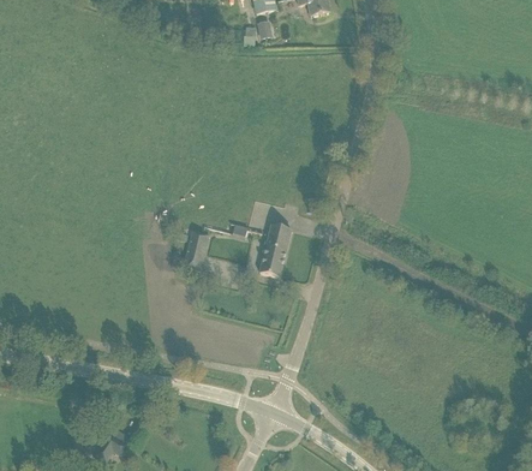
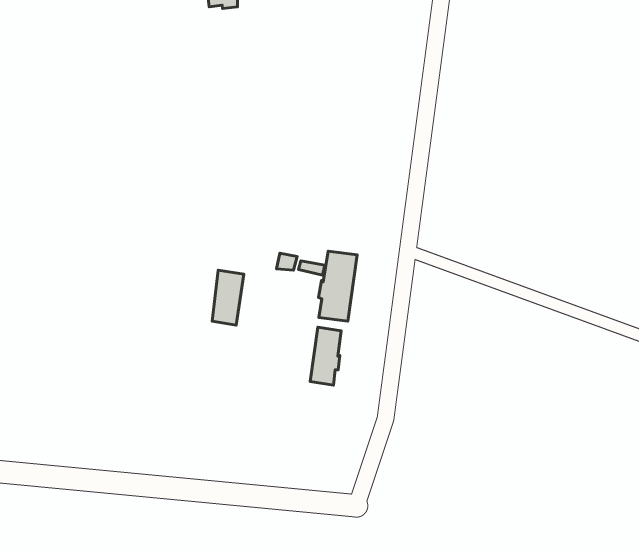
building: none -> [310,327,341,385]

